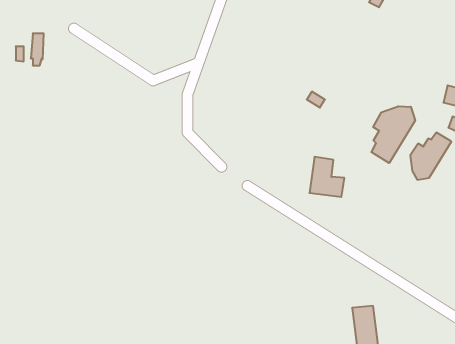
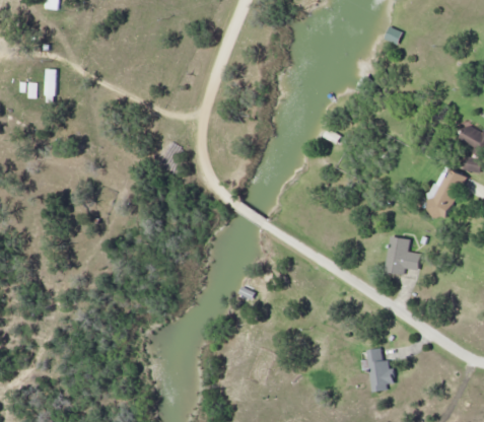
building: [371,106,415,163] -> none
building: [309,157,344,197] -> [384,234,419,275]

